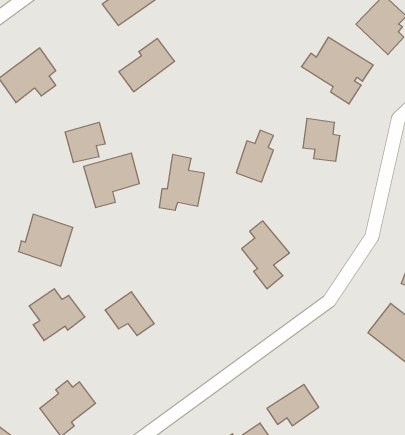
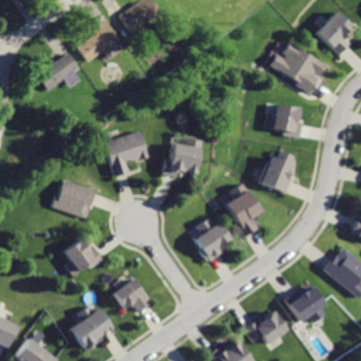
building: [119,38,175,92] -> [76,21,120,62]
building: [65,122,105,163] -> none
building: [236,130,273,182] -> [263,150,292,190]
building: none -> [191,218,230,262]
building: [105,292,154,336] -> [114,280,153,314]
building: none -> [288,287,324,323]

